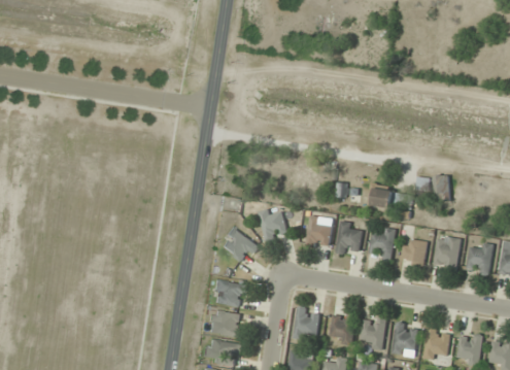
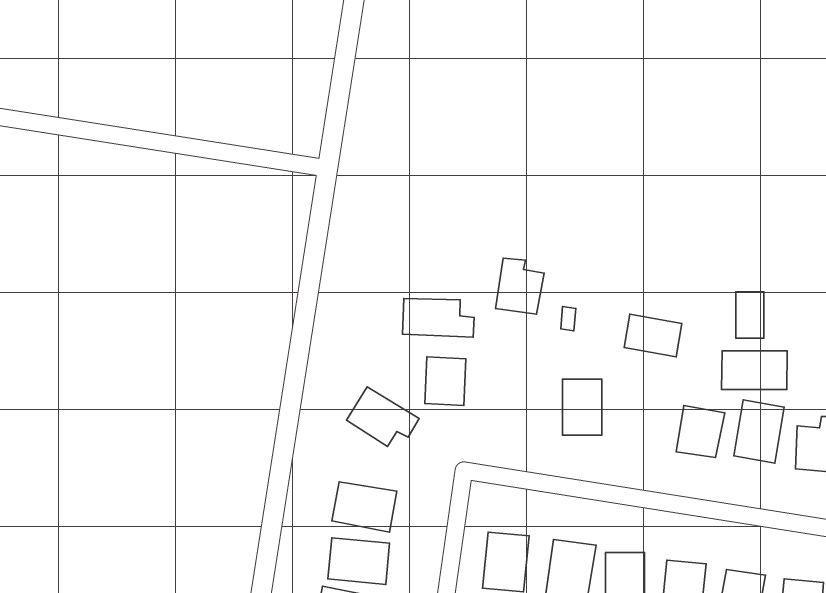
building: none -> [402,299,474,337]
building: none -> [722,351,787,389]
building: [306,215,333,246] -> [496,258,544,314]
building: [369,227,396,259] -> none

